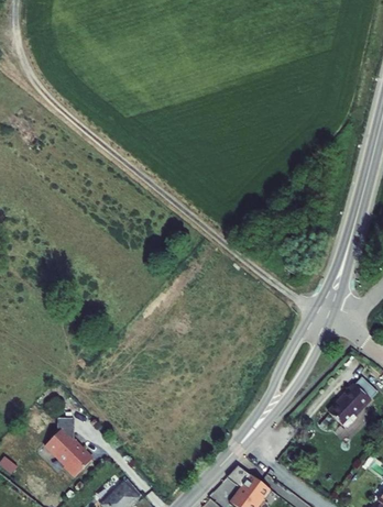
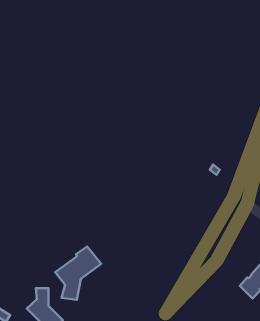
building: none -> [55,246,101,300]

